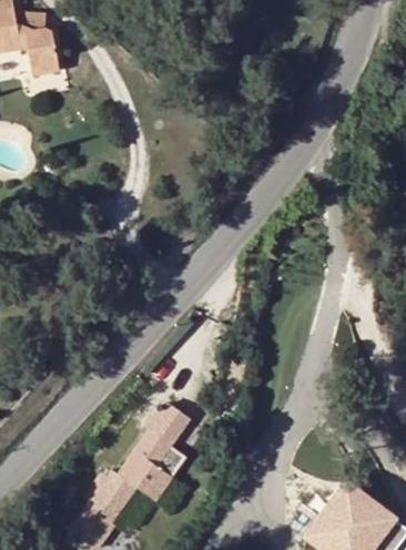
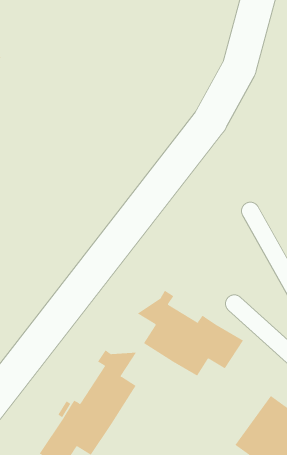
building: none -> [136,290,244,376]

